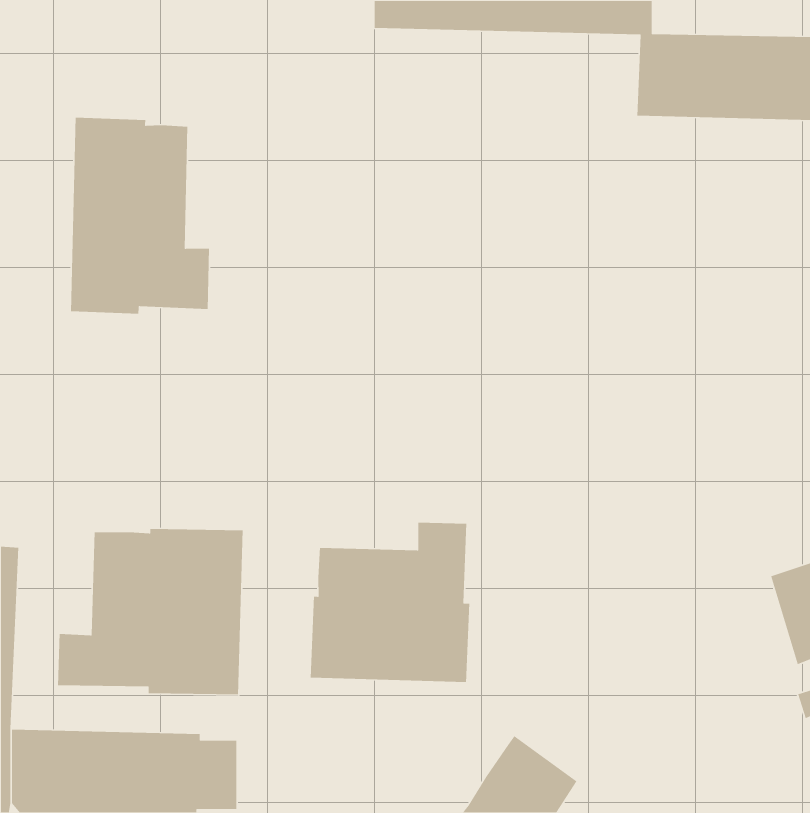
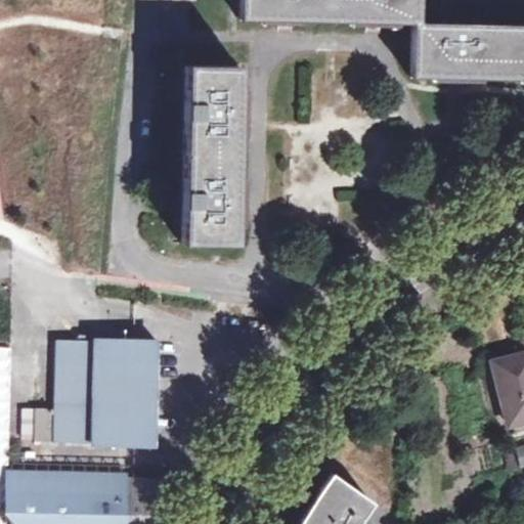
building: none -> [185,67,242,247]
building: [70,117,210,314] -> none
building: [310,522,470,683] -> none

